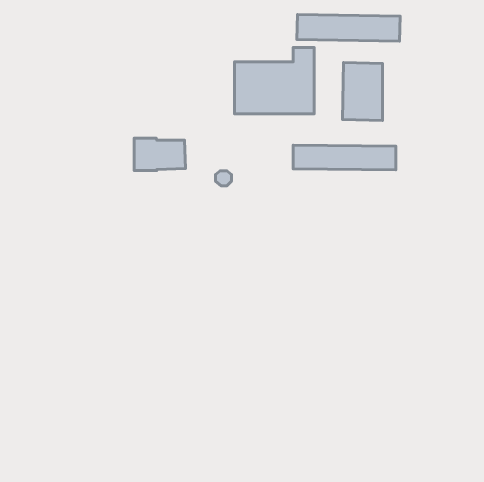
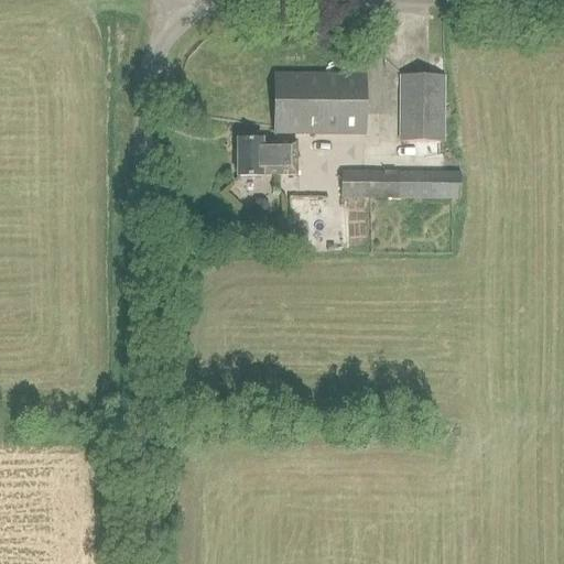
building: [297,15,400,41] -> none
building: [134,138,185,170] -> [238,137,297,174]

